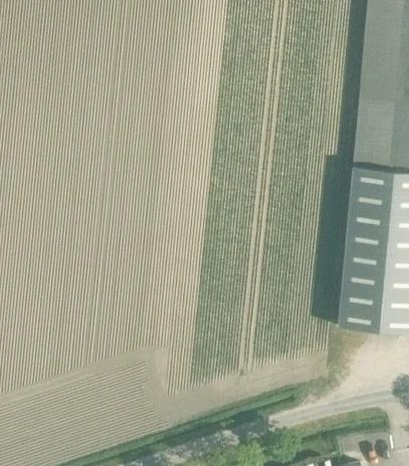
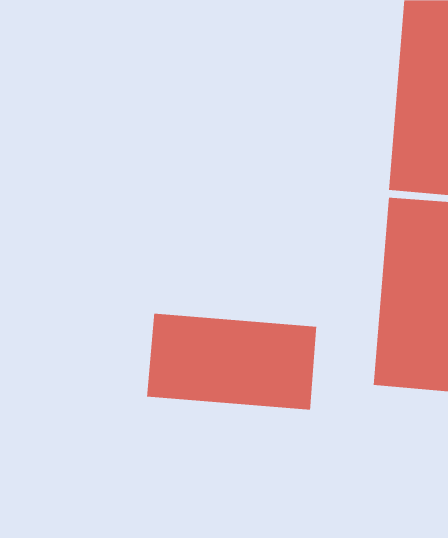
building: none -> [146,313,317,411]

